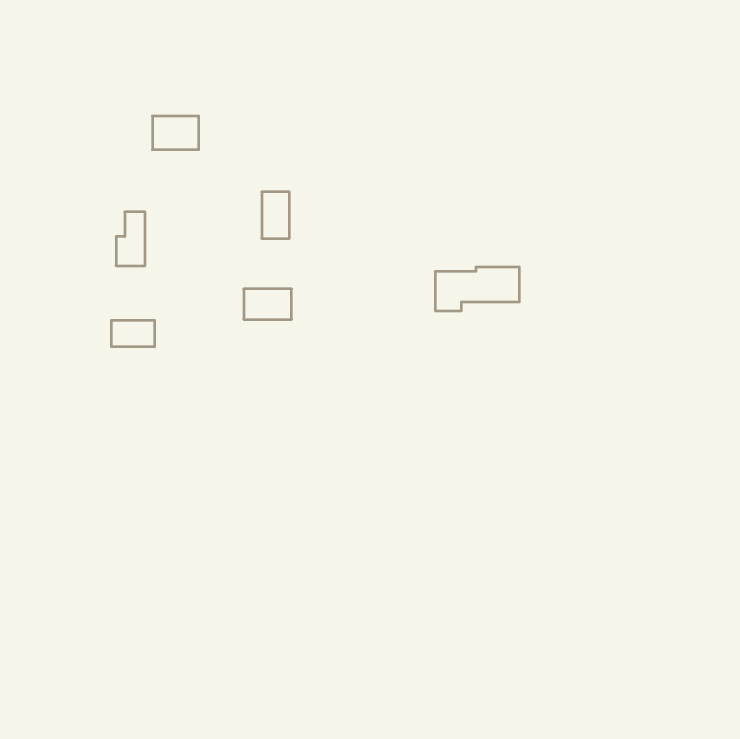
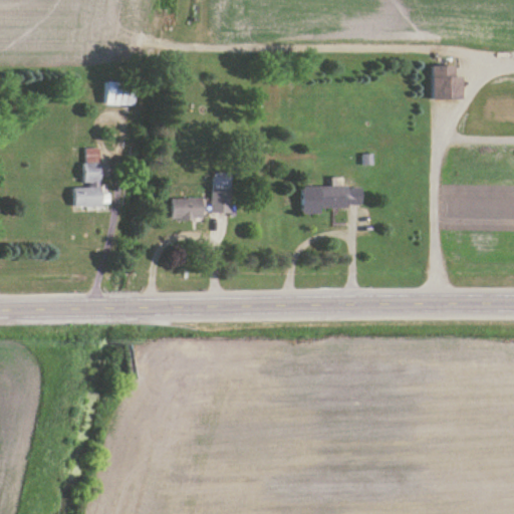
building: none -> [436,63,466,97]
building: [262,192,289,238] -> [211,182,230,214]
building: [111,320,155,347] -> [71,189,101,207]

